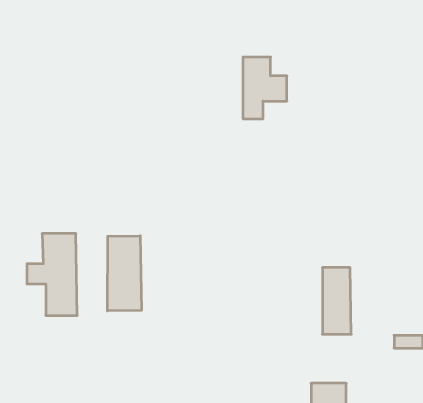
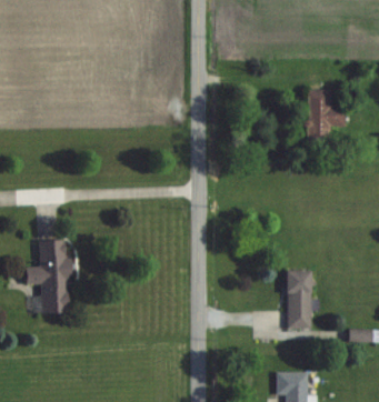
building: [243,57,287,119] -> [308,88,347,142]
building: [107,236,141,311] -> none

